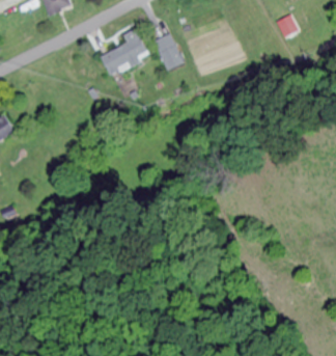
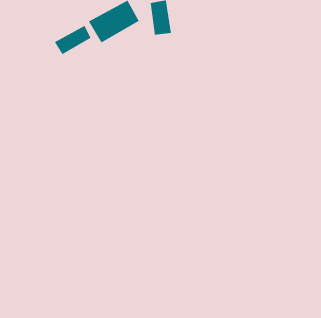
building: none -> [54,25,92,55]

